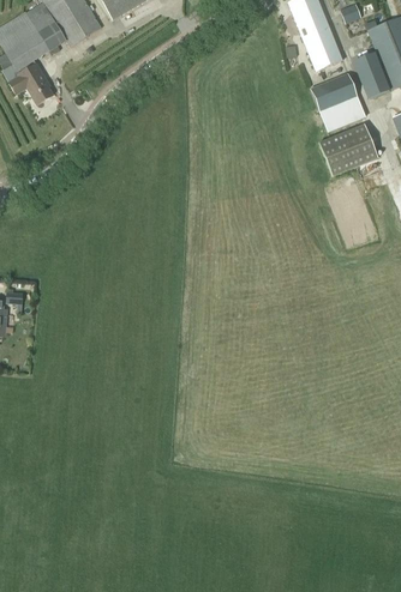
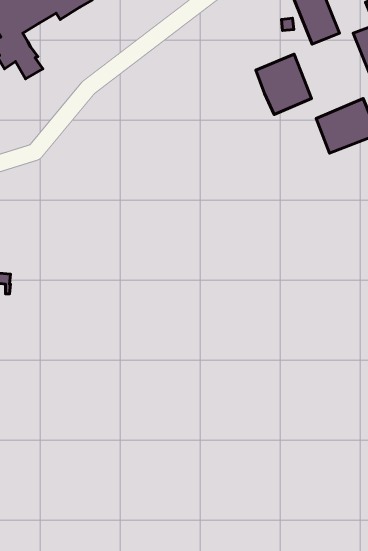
building: [311,72,365,131] -> [256,54,311,115]

